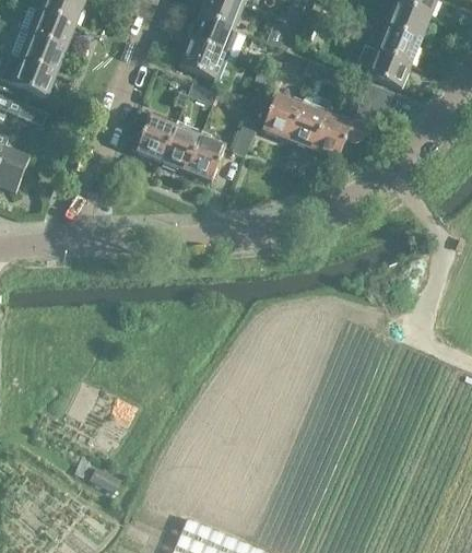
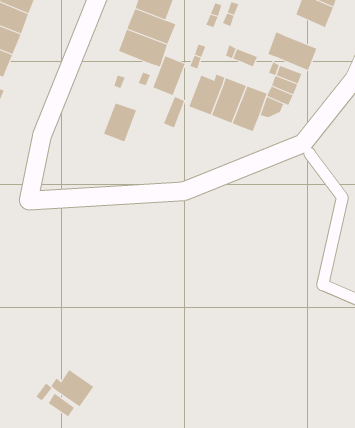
building: [374,23,420,62] -> none
building: [134,115,175,162] -> none
building: [186,134,224,181] -> [153,55,185,96]
building: none -> [50,369,94,407]

